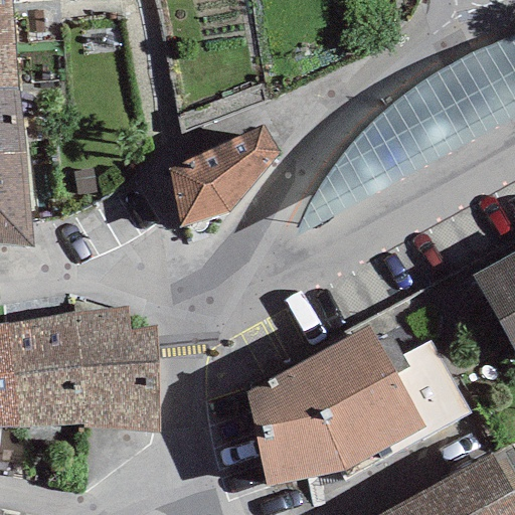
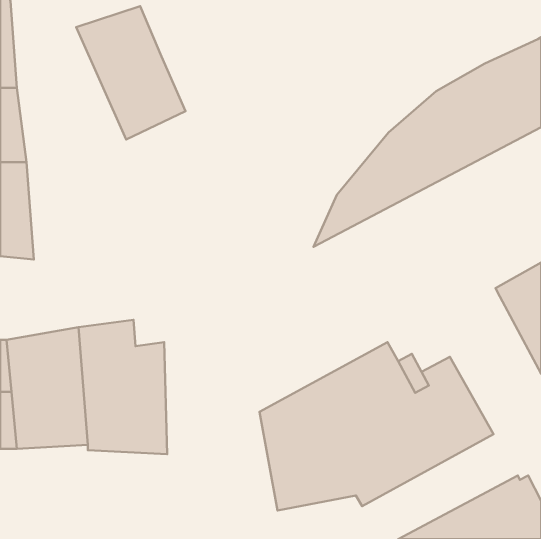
building: none -> [76,6,185,139]
building: [167,124,279,227] -> none

